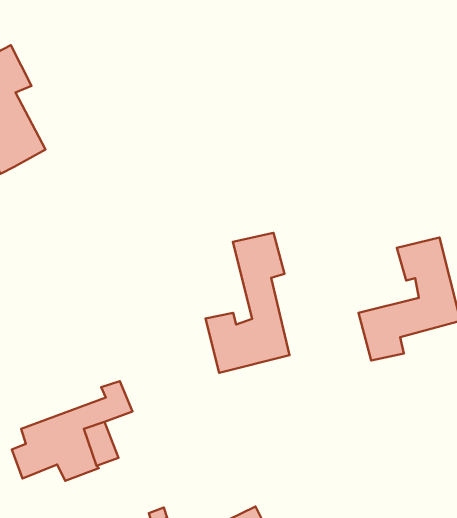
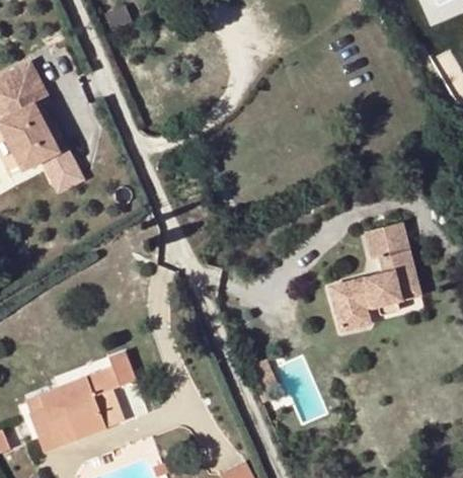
building: none -> [32,150,76,197]
building: [205,233,290,373] -> none

